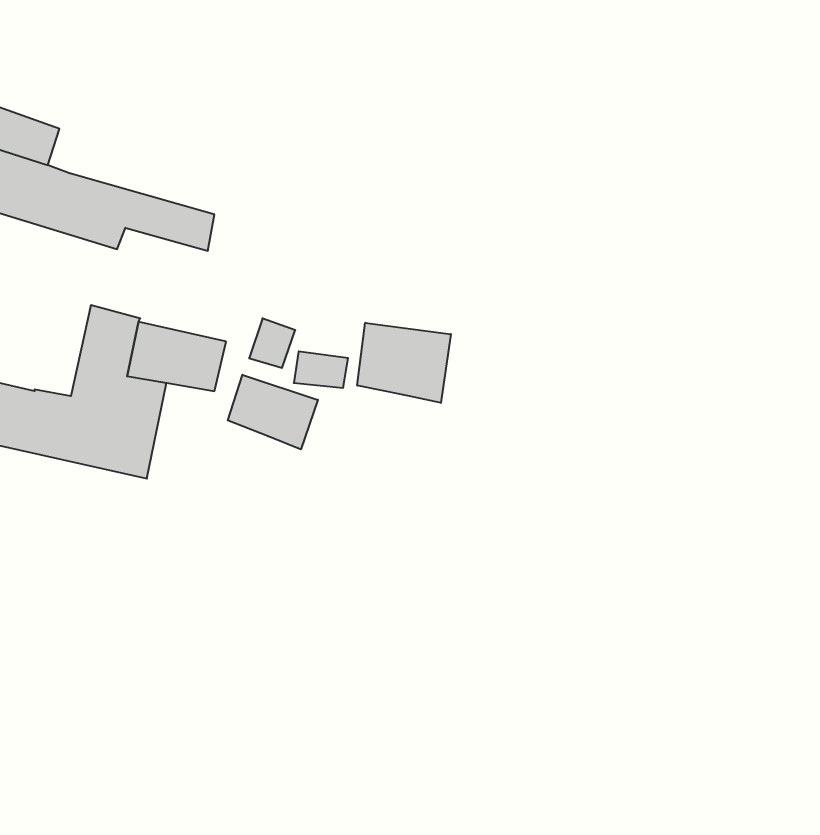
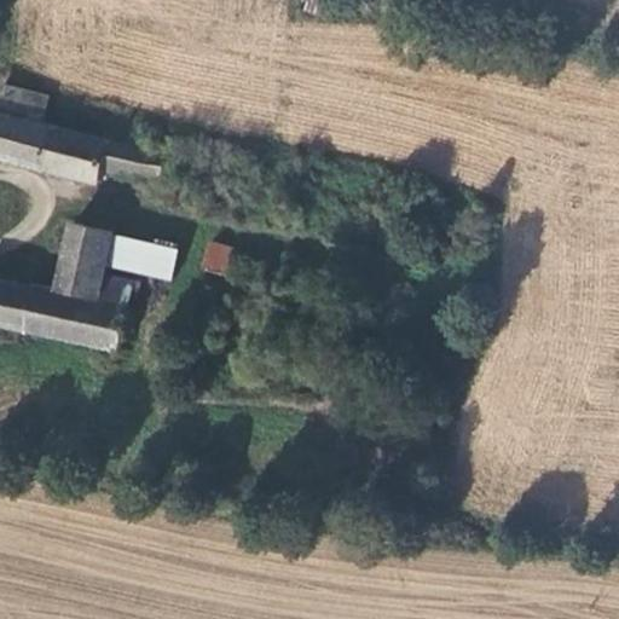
building: [357,323,451,403] -> none
building: [228,375,318,449] -> none

